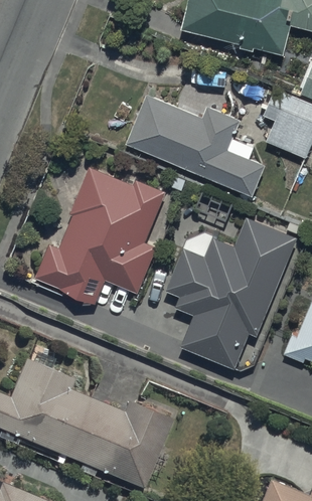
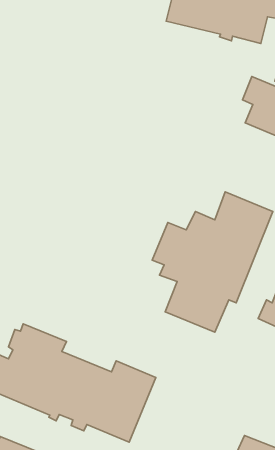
building: [128,94,267,197] -> none
building: [37,167,167,305] -> none

